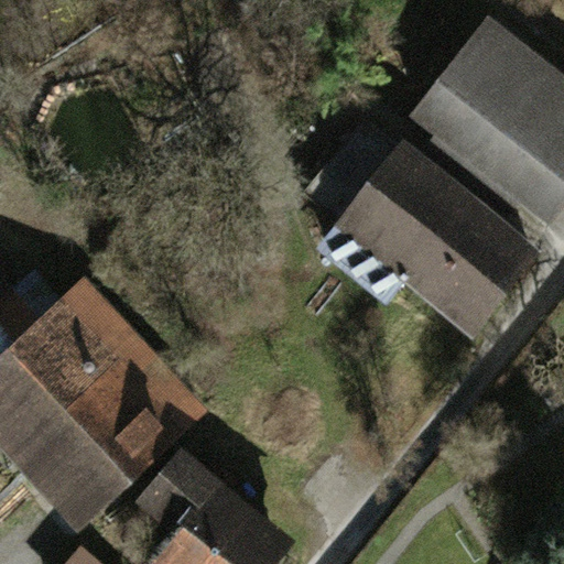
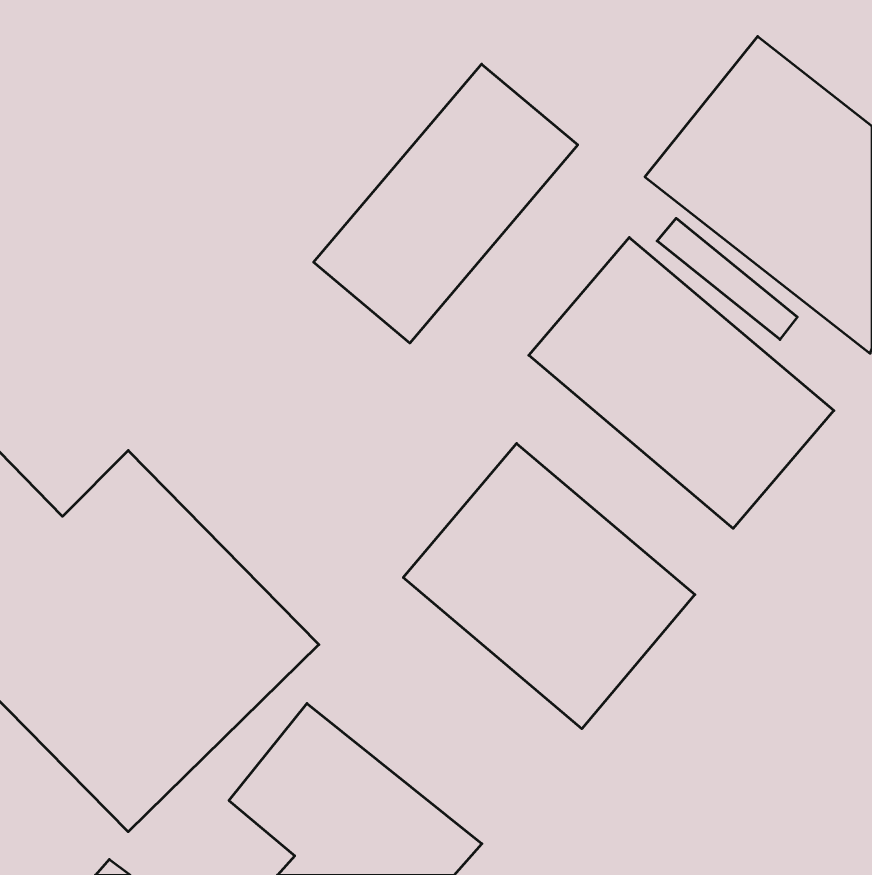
building: none -> [314,64,578,343]
building: none -> [403,443,695,729]

